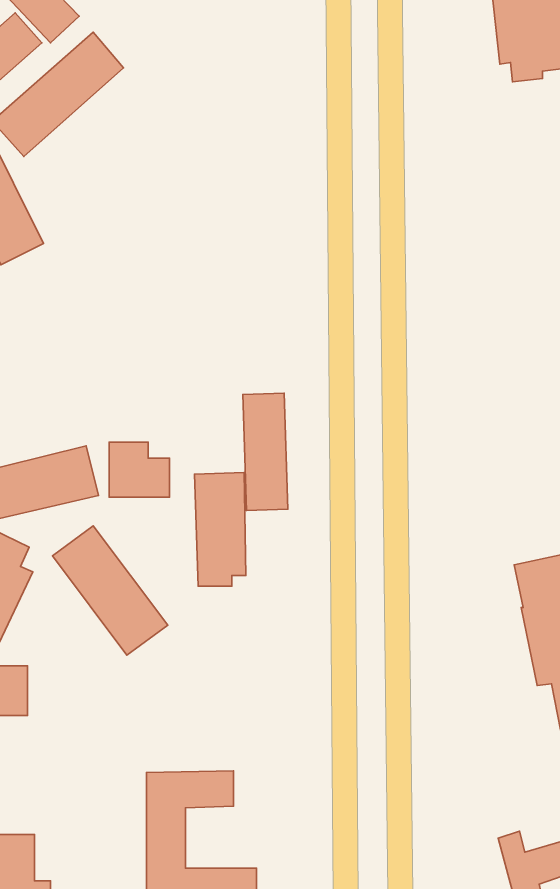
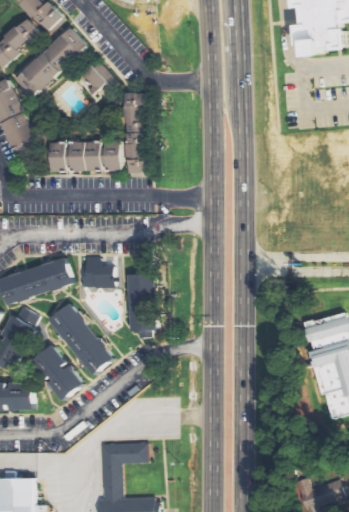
building: none -> [73,54,117,92]
building: none -> [53,90,151,168]
building: [243,393,288,510] -> none
building: none -> [28,346,80,403]

